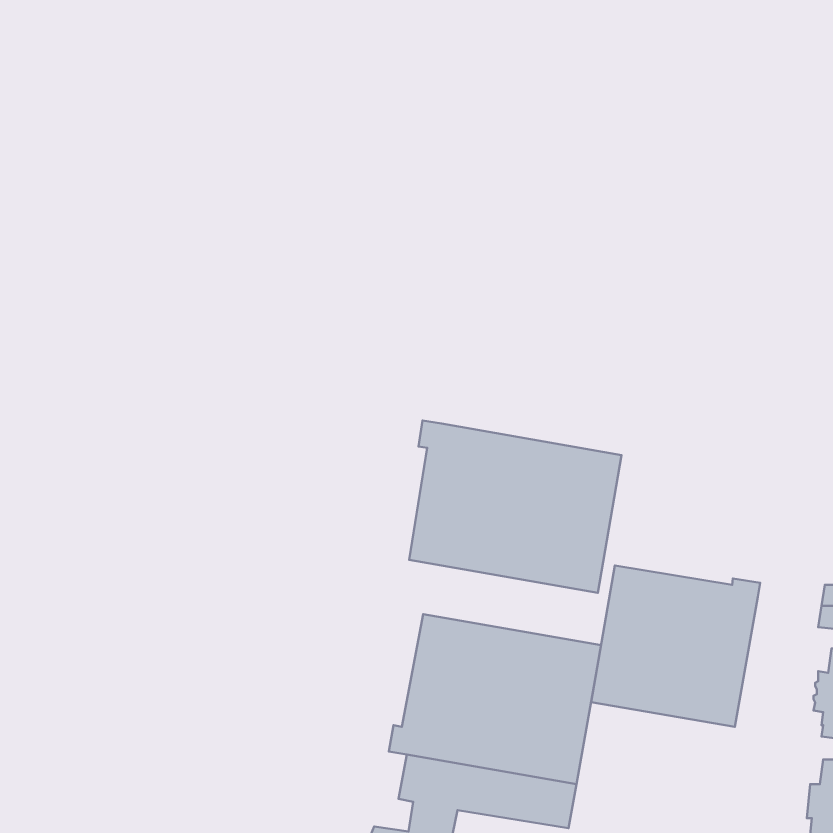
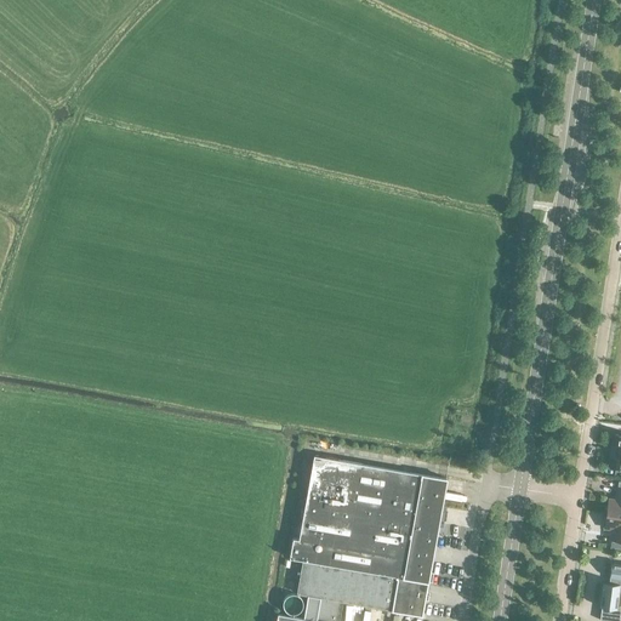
building: [409,420,622,593] -> none
building: [591,566,760,727] -> none

